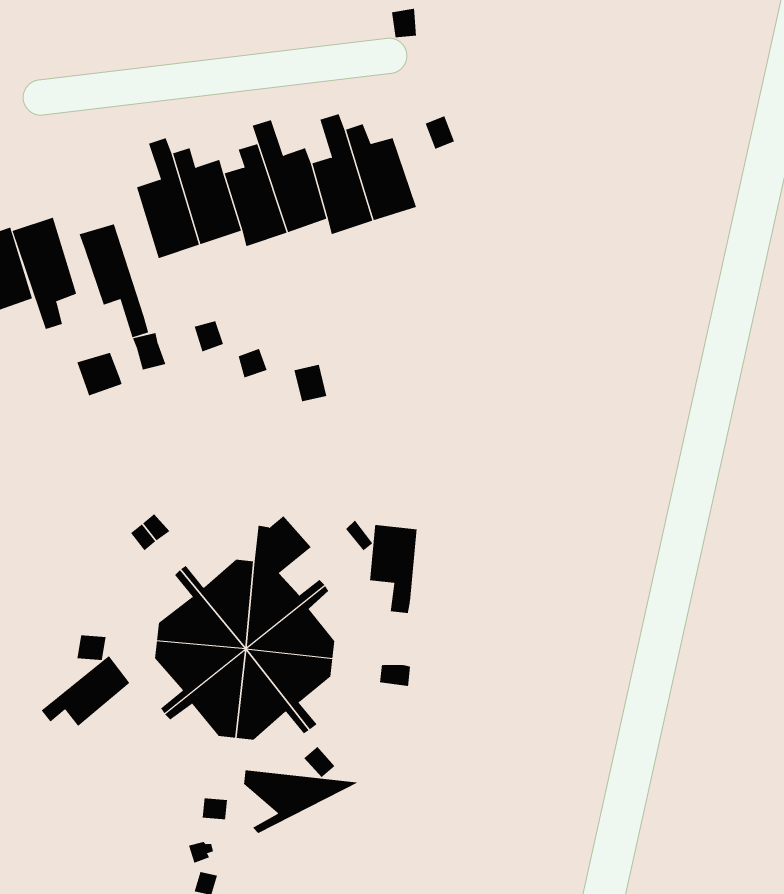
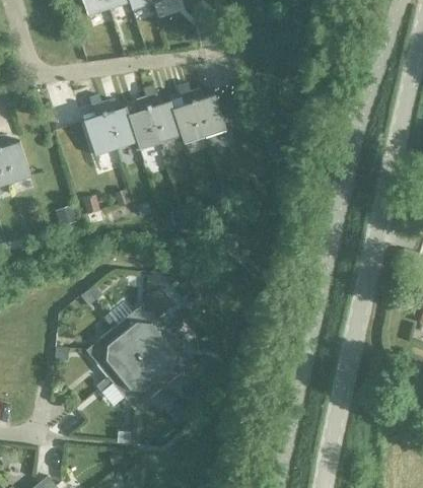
building: [12,217,77,330] -> none
building: [79,224,149,338] -> none
building: [370,524,417,614] -> none
building: [41,655,130,727] -> none
building: [244,769,360,834] -> none

